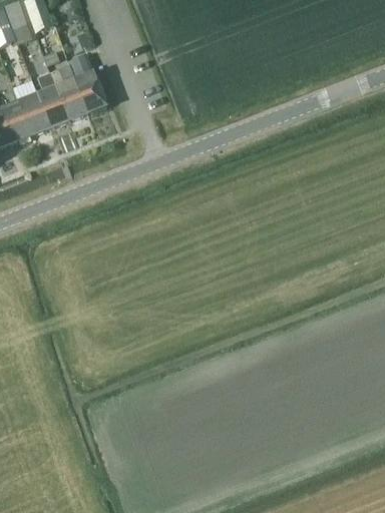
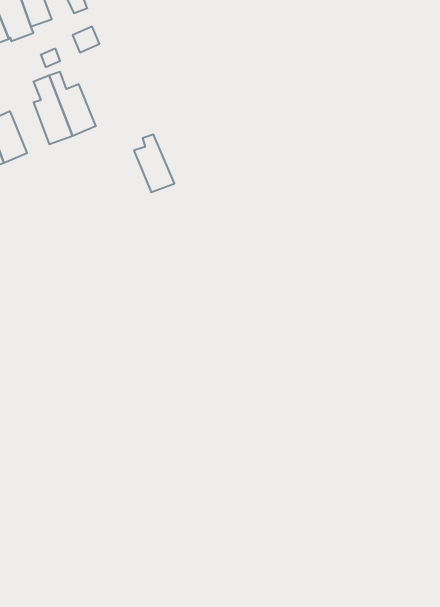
building: [74,63,107,110] -> [134,135,174,192]
building: [18,91,50,132] -> none

